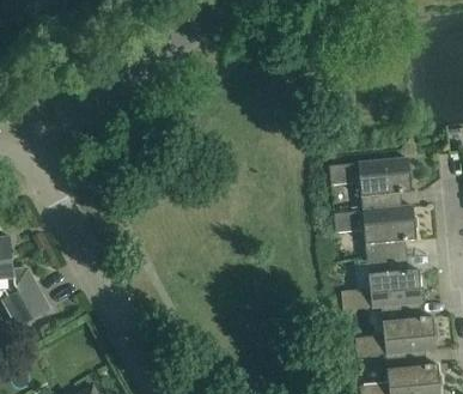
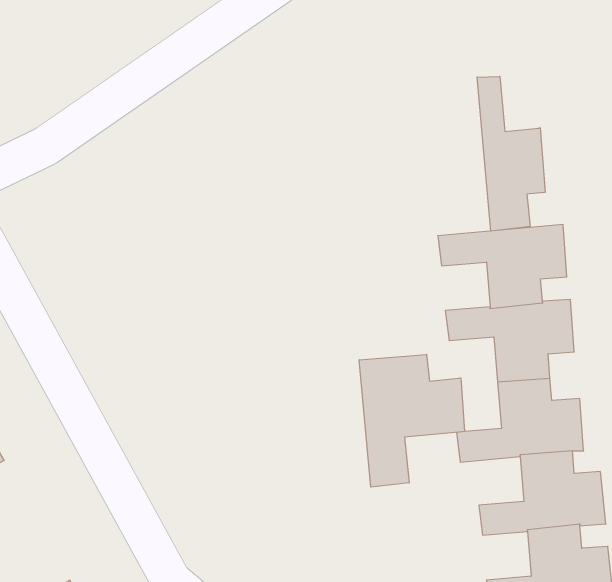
building: none -> [477,76,545,231]
building: none -> [359,354,464,487]

